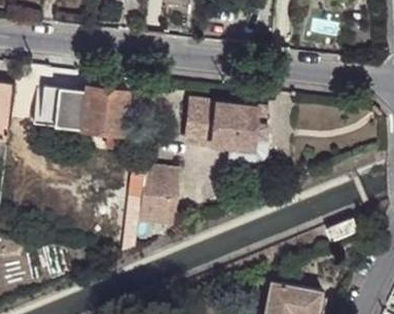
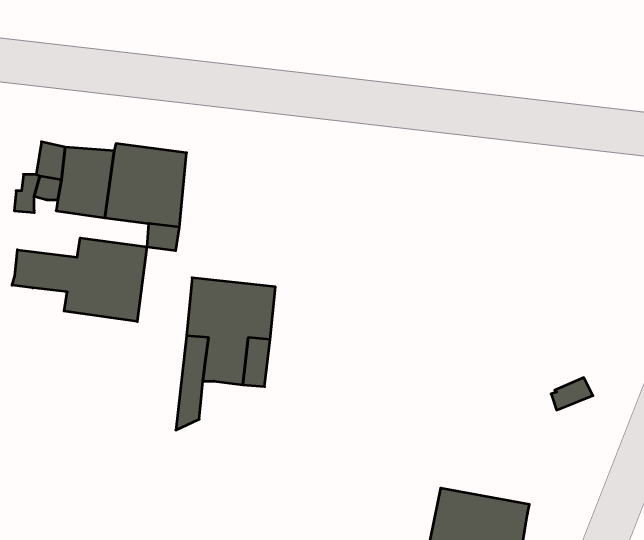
building: [185,97,268,159] -> none
building: none -> [12,238,147,322]

